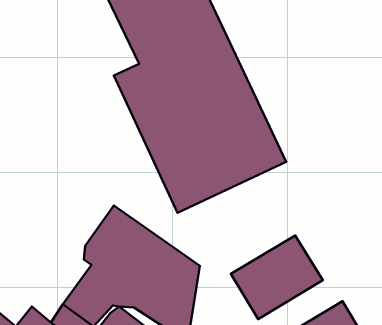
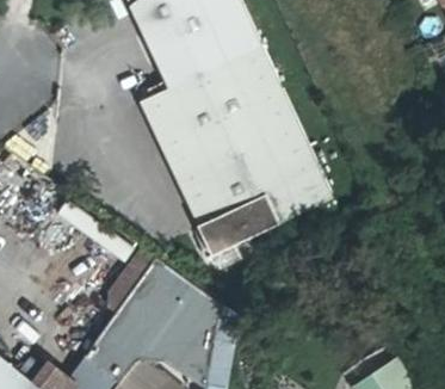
building: [231,236,323,319] -> none

